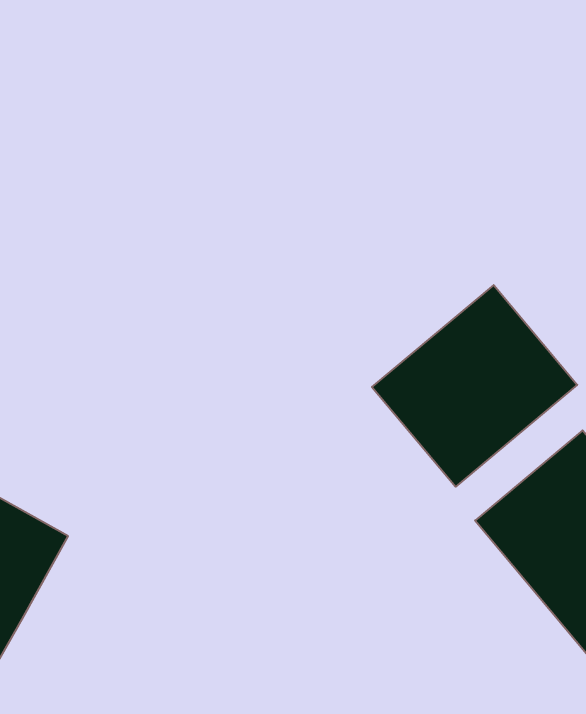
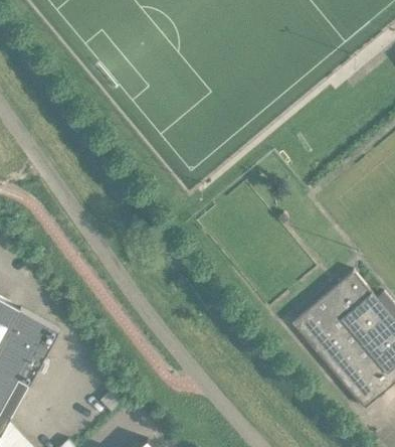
building: [372,285,577,487] -> none

